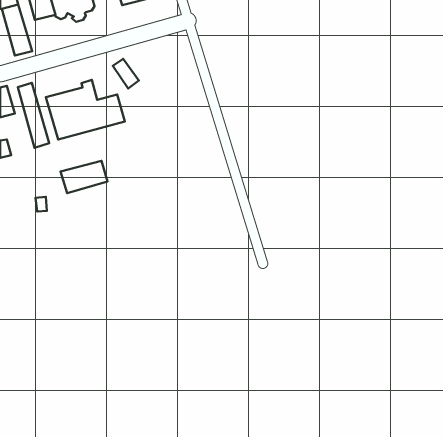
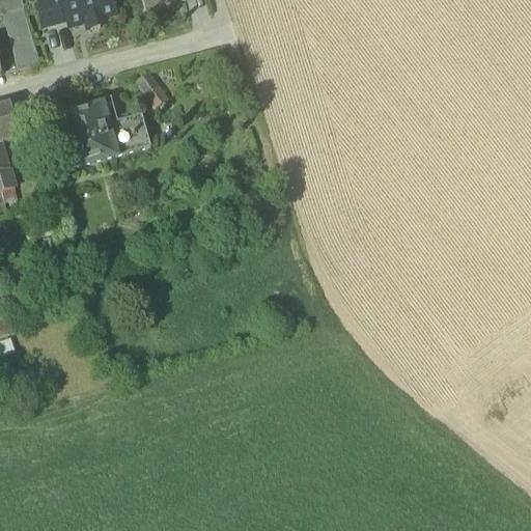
building: [18,83,49,148] -> none
building: [61,161,108,193] -> none

